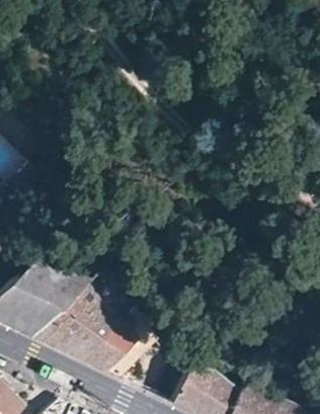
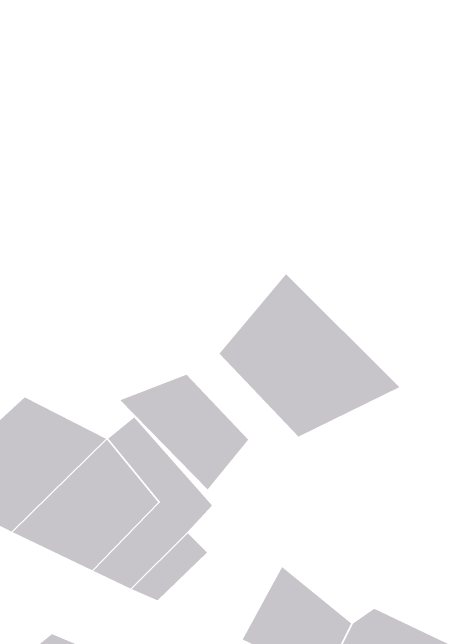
building: none -> [218,273,400,437]
building: none -> [119,374,249,490]

